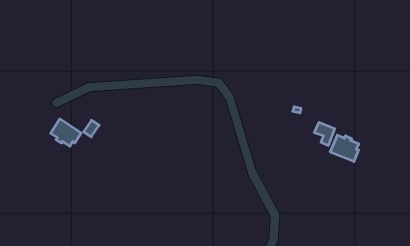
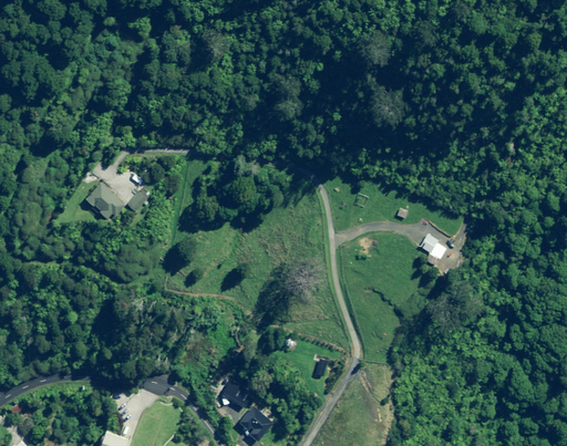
building: [330,135,359,162] -> none

